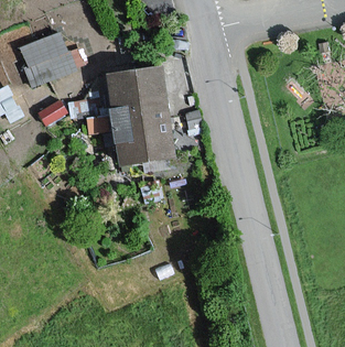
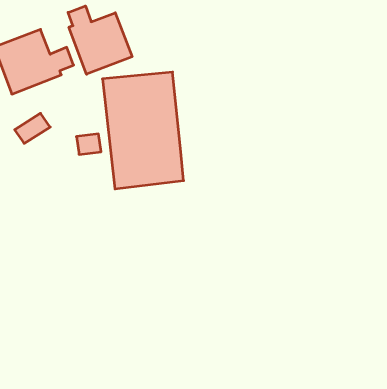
building: none -> [68,6,132,74]

